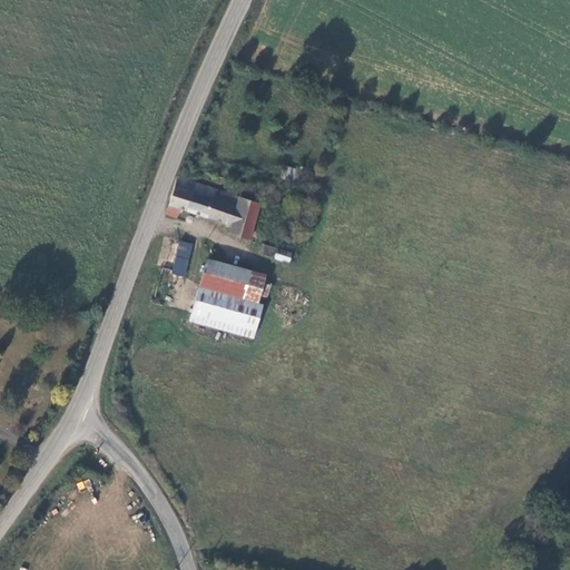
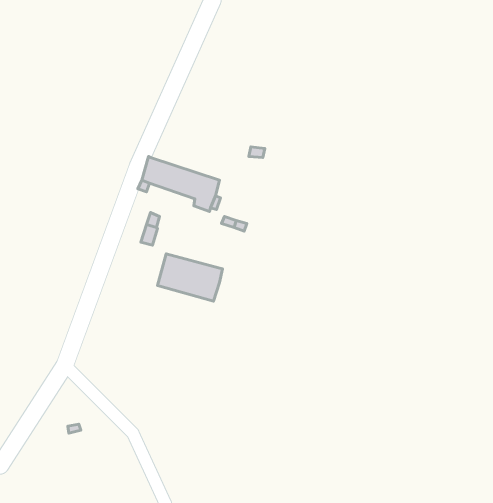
building: [199,261,266,303] -> none

